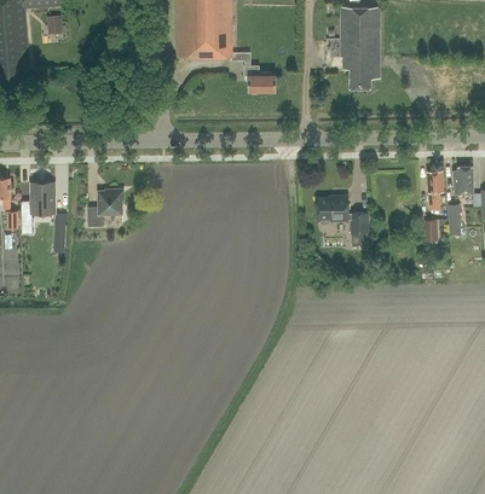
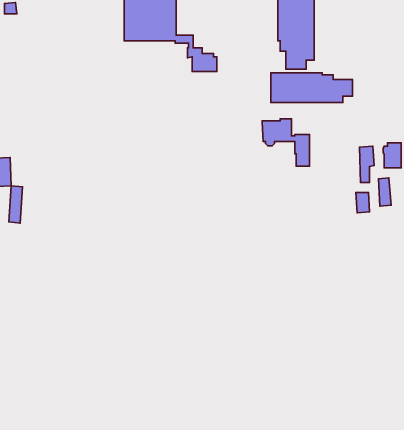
building: none -> [271,73,353,103]
building: [88,188,125,226] -> none
building: [317,196,368,246] -> [262,119,310,166]

